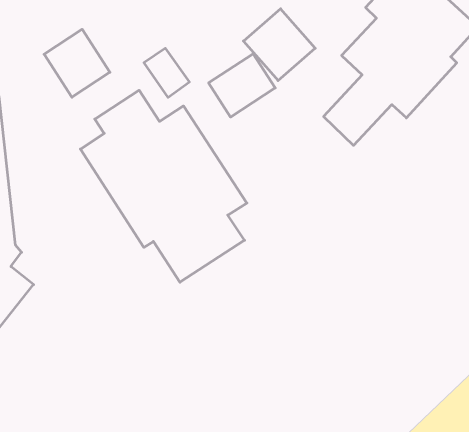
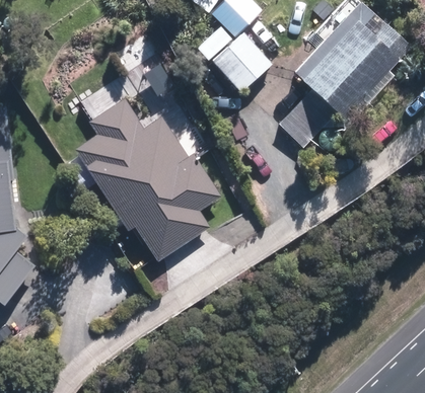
building: [44,29,110,97] -> none
building: [209,54,275,117] -> none

